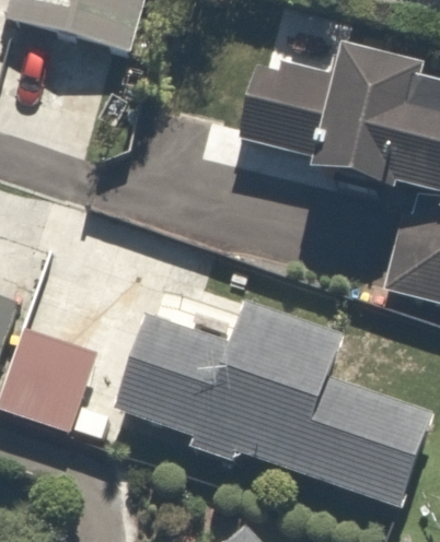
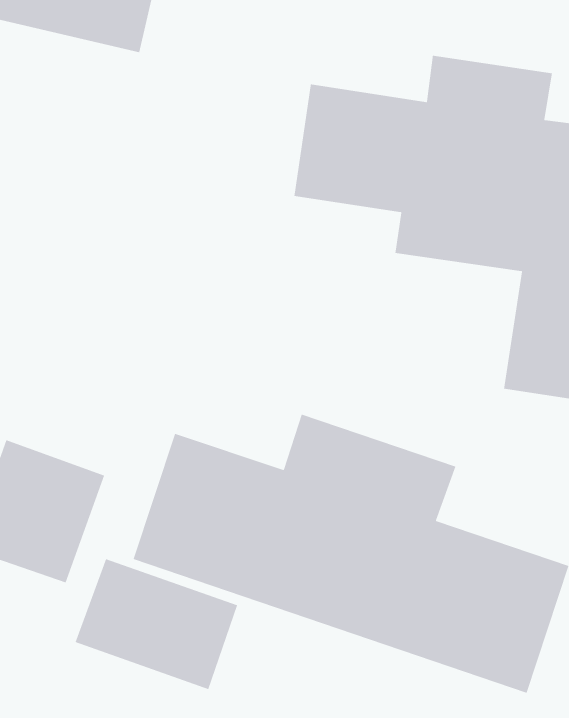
building: none -> [75,558,238,690]

